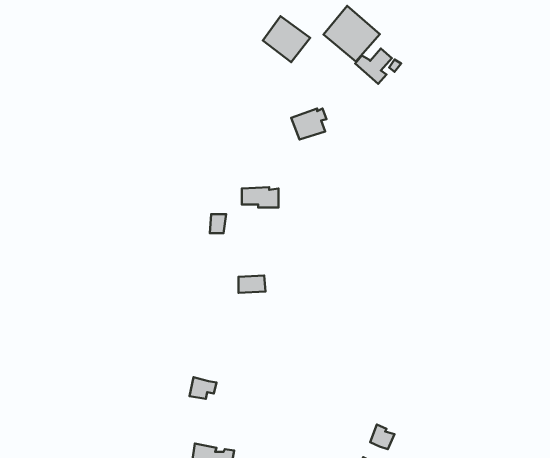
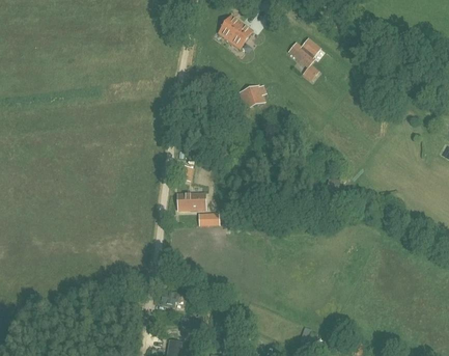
building: [324,6,380,61] -> none
building: [242,187,279,207] -> [177,193,205,209]

